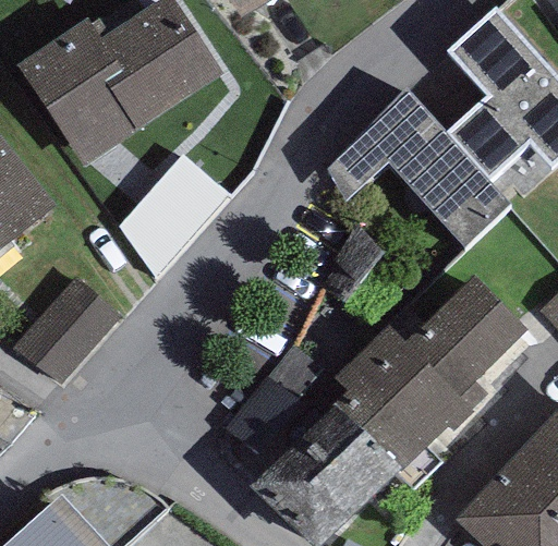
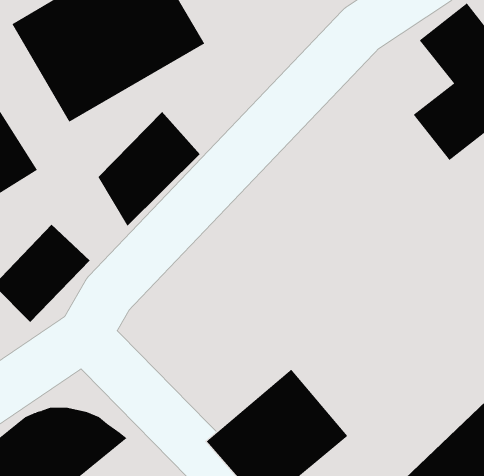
building: [326,89,512,247] -> none
building: [325,276,526,472] -> none

